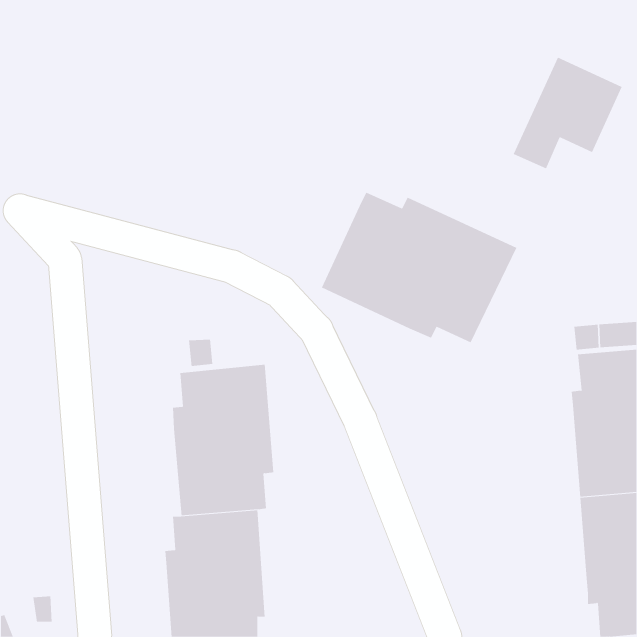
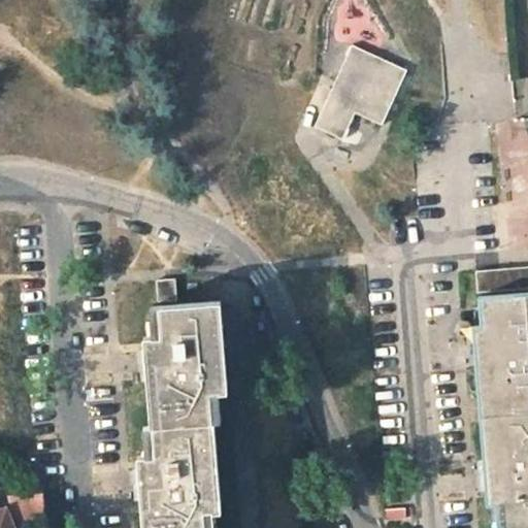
building: [513,57,622,169] -> [316,45,406,138]
building: [321,192,517,343] -> none

